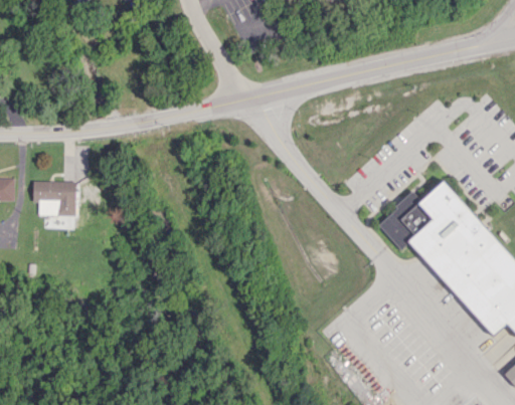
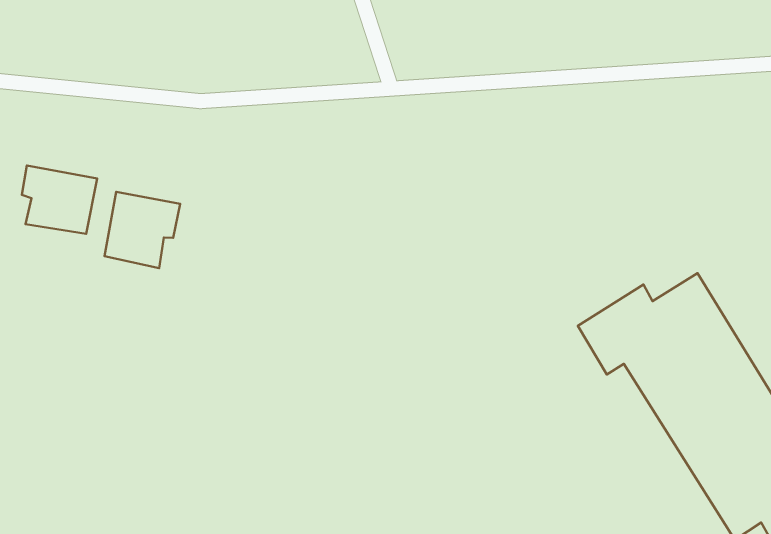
building: none -> [104,192,180,268]

